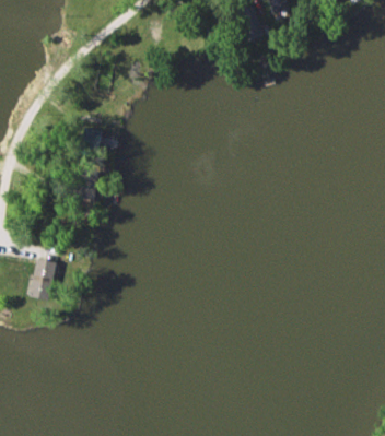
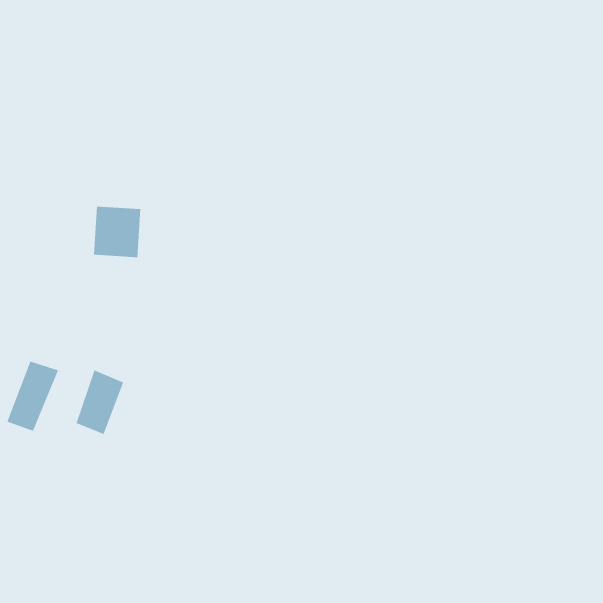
building: none -> [76,370,124,435]

